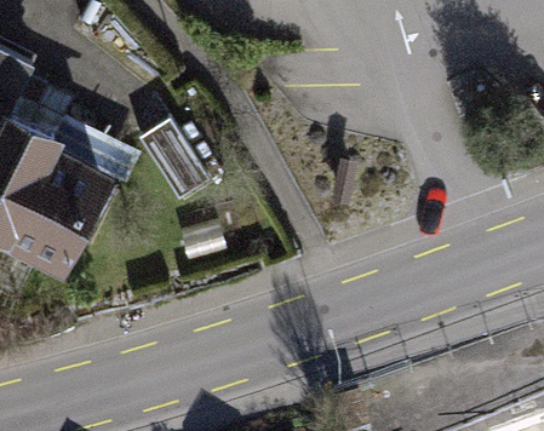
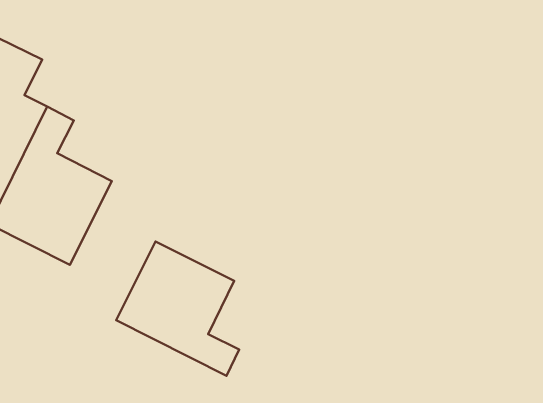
building: none -> [116,241,239,376]

